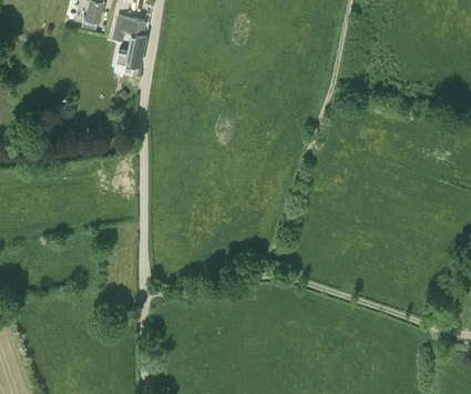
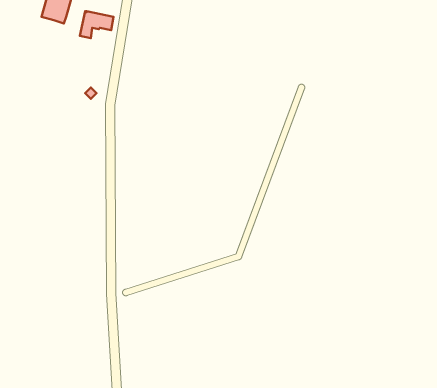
building: [117,32,147,65] -> none

